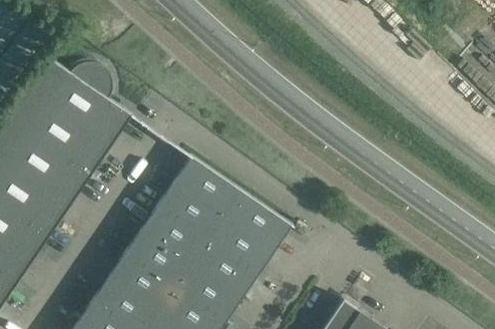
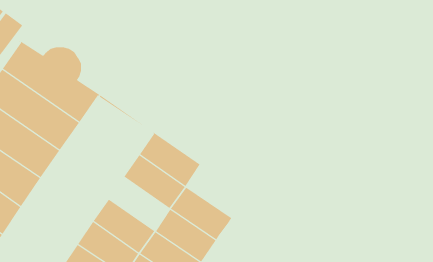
building: [222,192,291,250] -> none
building: [139,205,205,264] -> none

